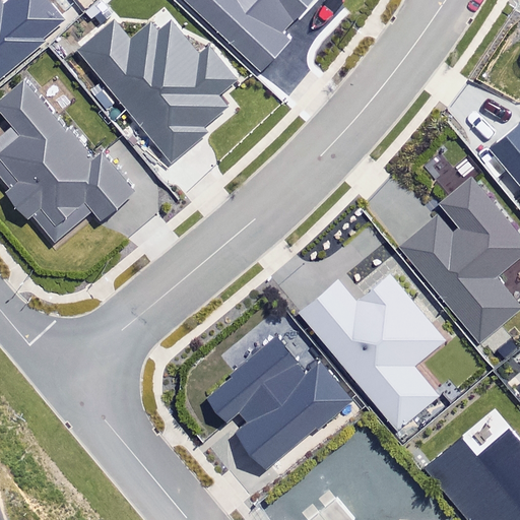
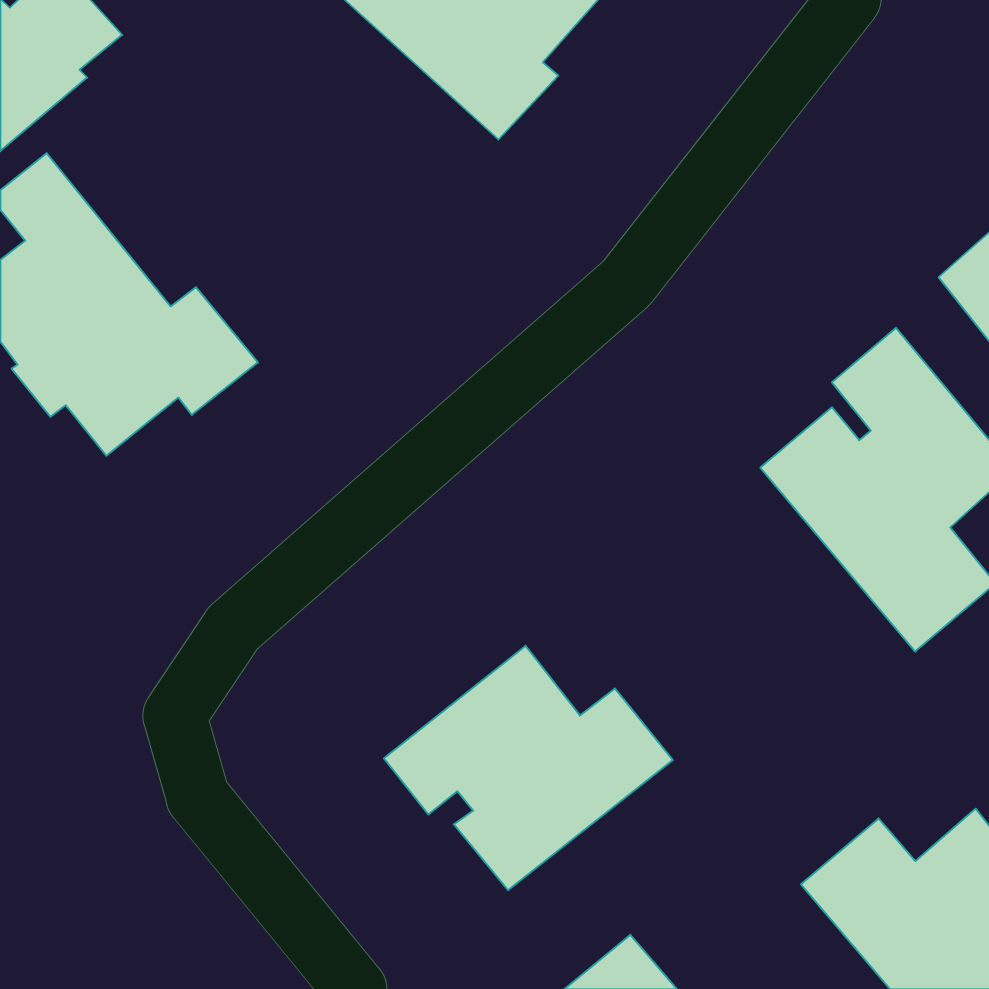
building: [76,17,235,167] -> none
building: [296,274,444,432] -> none

